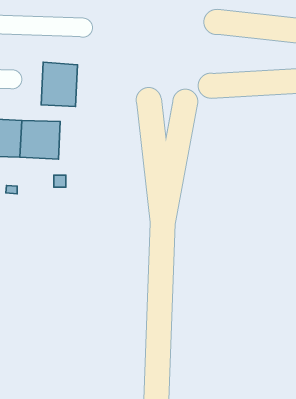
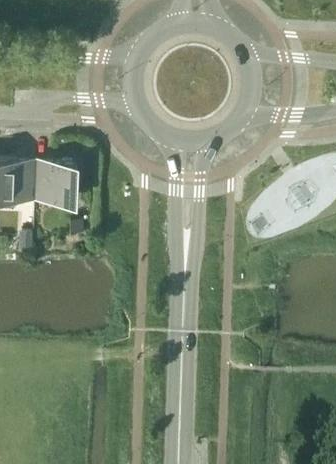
building: [41,62,78,107] -> none

